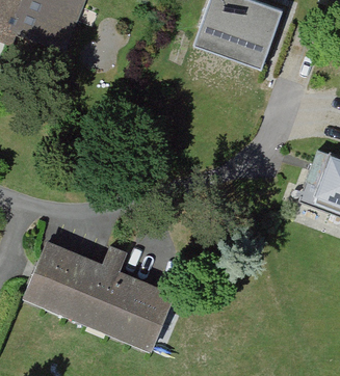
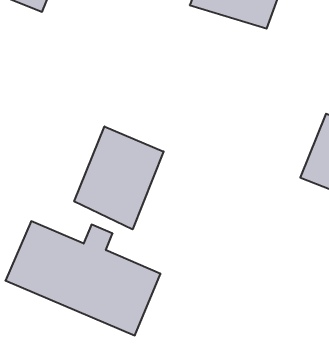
building: none -> [74,126,164,229]

